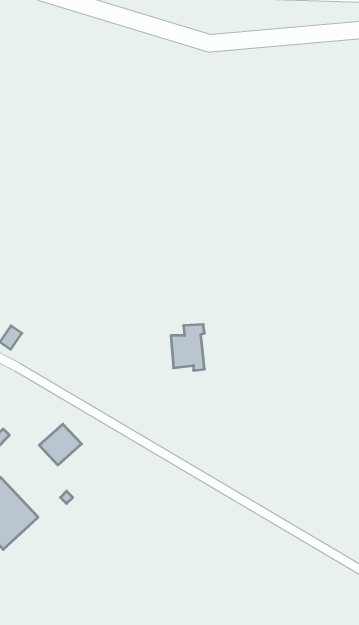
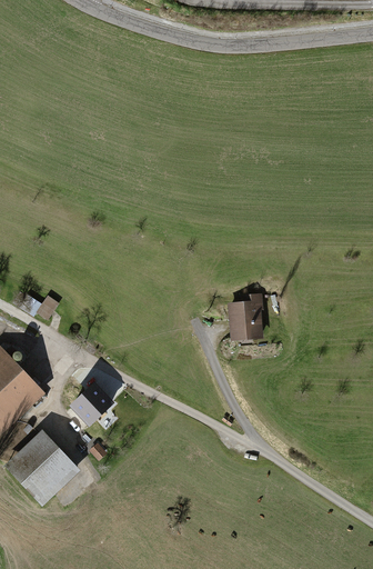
building: [171,324,205,370] -> [230,293,260,335]

